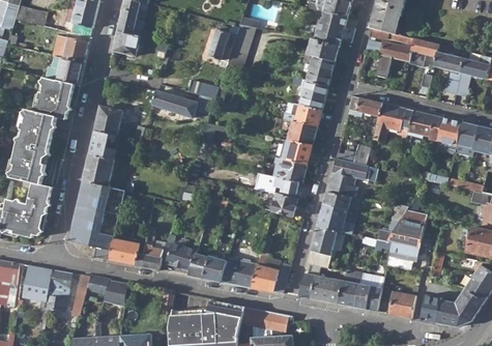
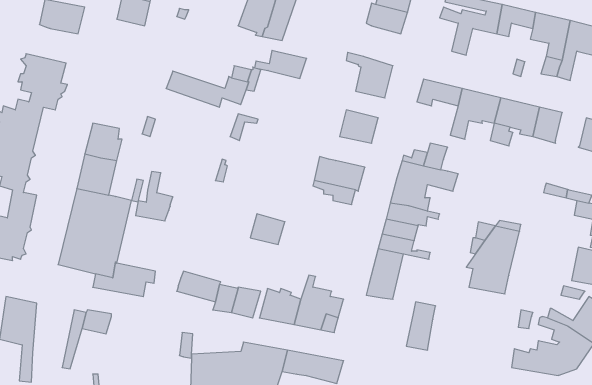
building: [305,55,334,86] -> none
building: [56,57,83,85] -> none
building: [281,105,321,126] -> [255,50,307,78]
building: [94,106,121,135] -> none
building: [452,122,477,156] -> none
building: [278,140,311,165] -> none
building: [270,193,297,217] -> [250,214,285,244]
building: [134,231,163,269] -> [136,172,173,221]
building: [297,264,343,304] -> none
building: [48,270,70,312] -> none
building: [354,272,383,311] -> none
building: [104,281,127,305] -> none
building: [387,291,415,318] -> none

